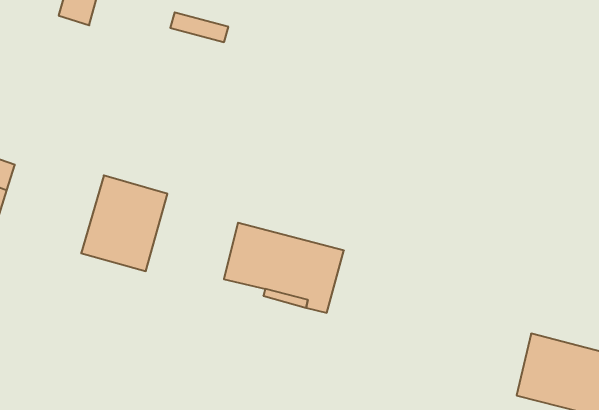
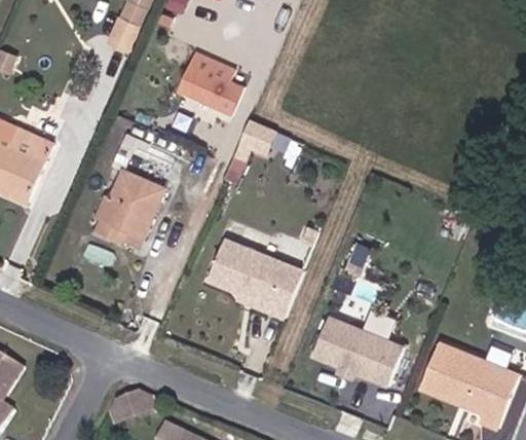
building: none -> [176,72,228,118]
building: none -> [311,311,401,382]

